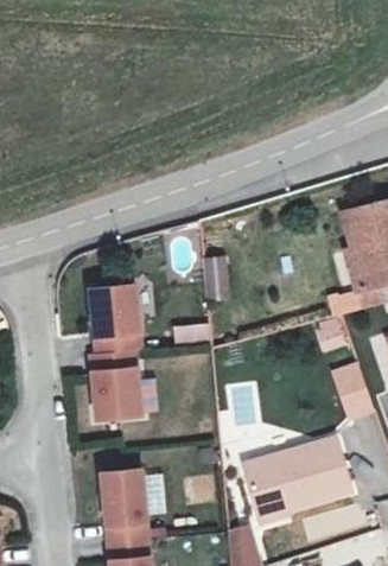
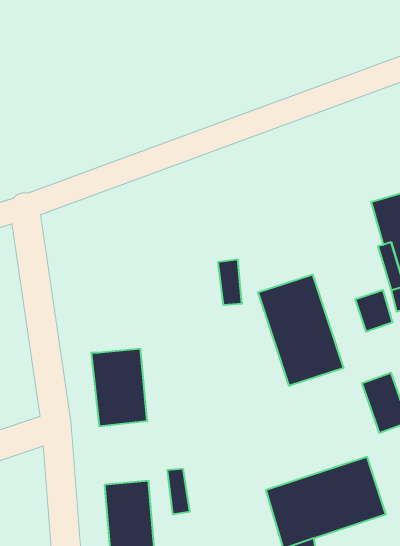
building: none -> [258,275,344,386]
building: [90,284,140,352] -> none

